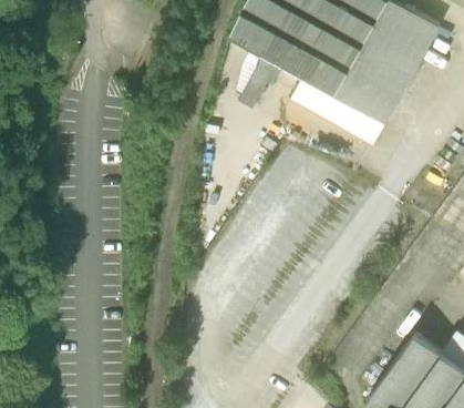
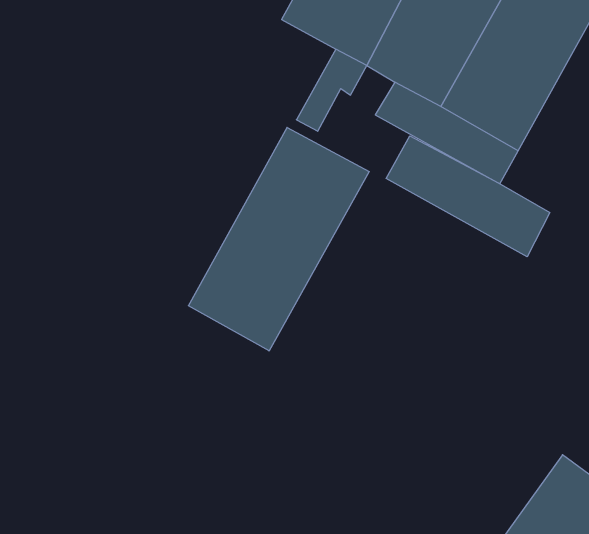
building: none -> [188,127,369,351]
building: none -> [386,136,550,257]

